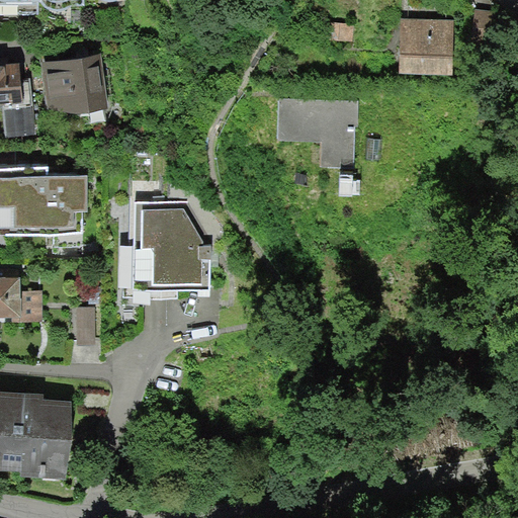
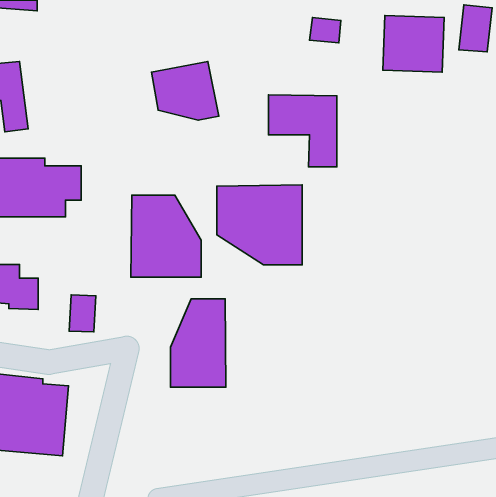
building: [37,53,107,113] -> [151,61,219,120]
building: none -> [217,185,302,265]
building: none -> [170,299,226,387]

